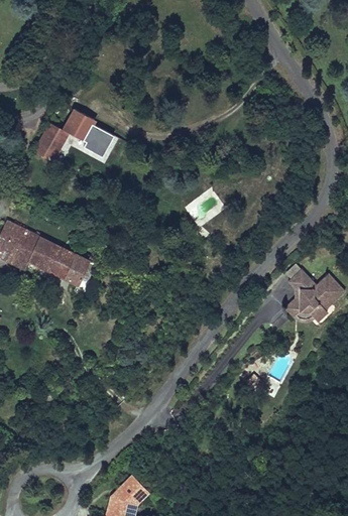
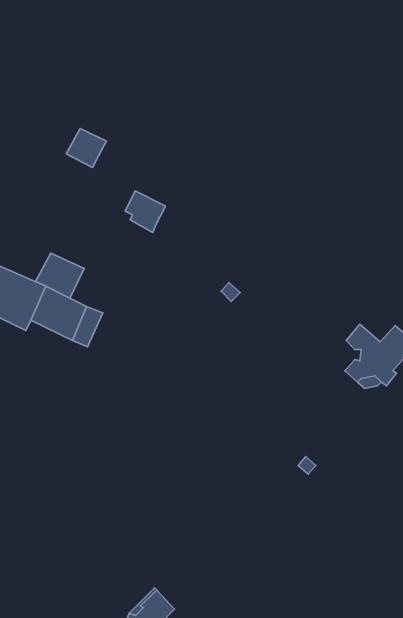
building: [37,126,70,162] -> none
building: [83,126,115,159] -> [125,191,165,233]
building: none -> [35,253,84,298]

